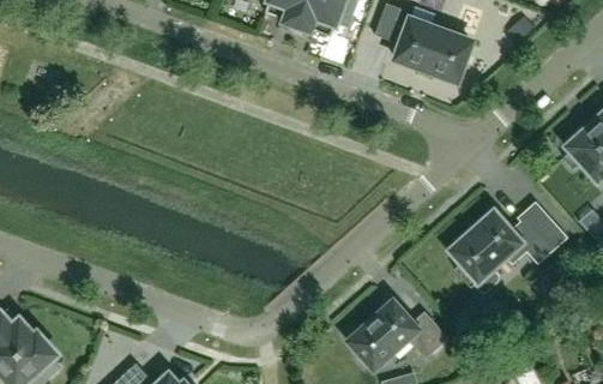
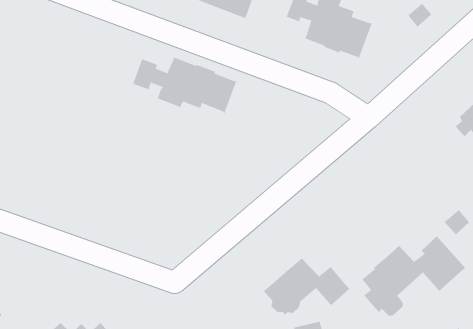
building: none -> [132,56,238,114]
building: [451,200,567,290] -> [361,235,466,316]

